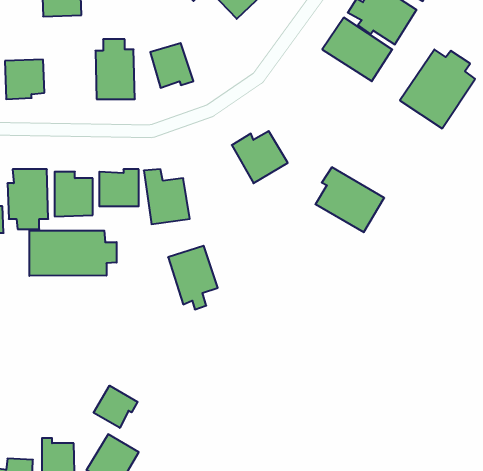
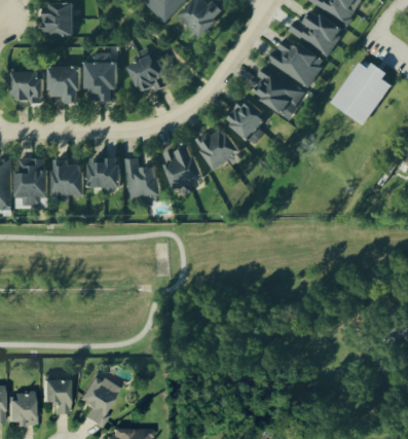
building: none -> [48,66,78,104]
building: none -> [226,101,267,142]
building: [315,167,384,232] -> [251,66,306,118]
building: [29,231,117,276] -> none
building: [168,246,218,309] -> [160,145,200,196]
building: [94,386,138,428] -> none

